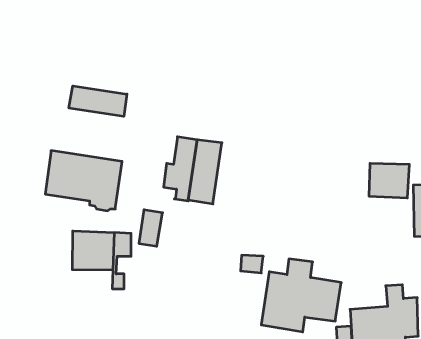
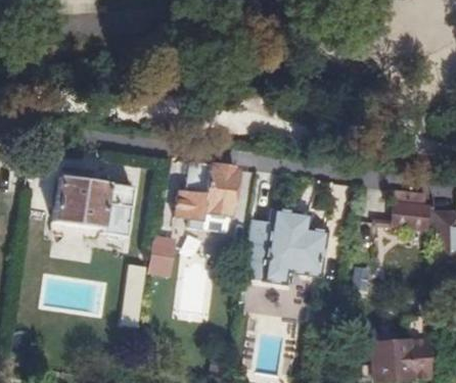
building: [69,86,127,116] -> none
building: [72,231,114,270] -> none
building: [261,259,341,332] -> [246,203,329,279]

